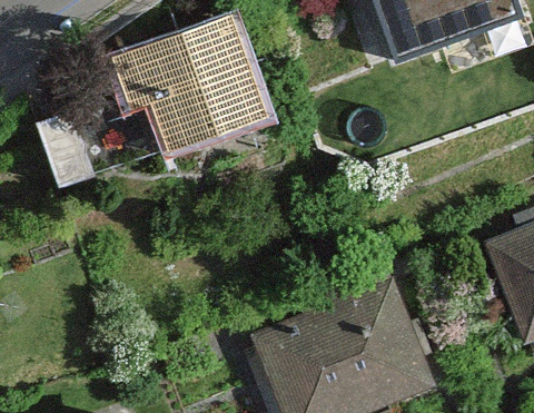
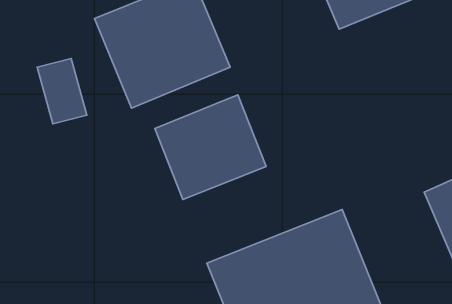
building: none -> [155,95,266,199]

